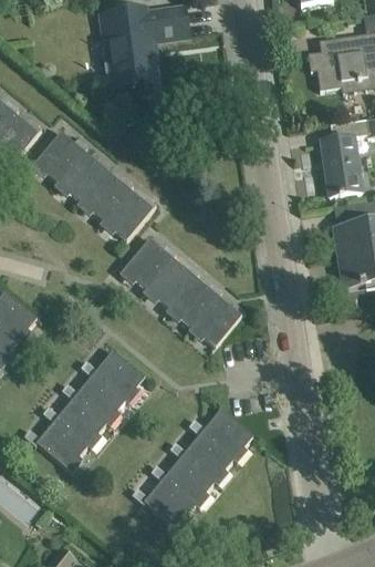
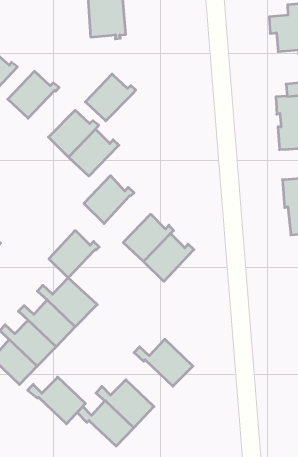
building: [56,150,110,200] -> [85,74,136,121]
building: [146,257,199,308] -> [49,231,99,278]
building: [169,432,232,482] -> [28,377,85,424]

